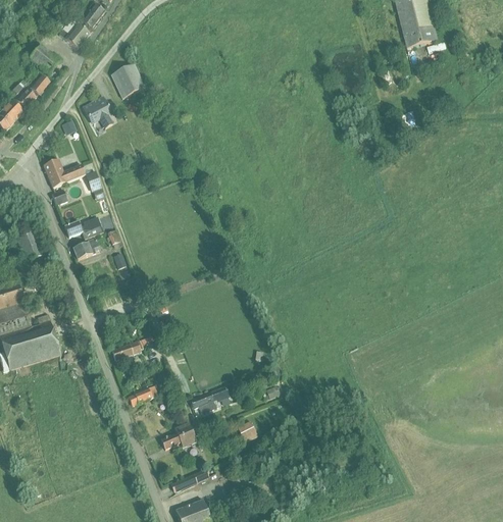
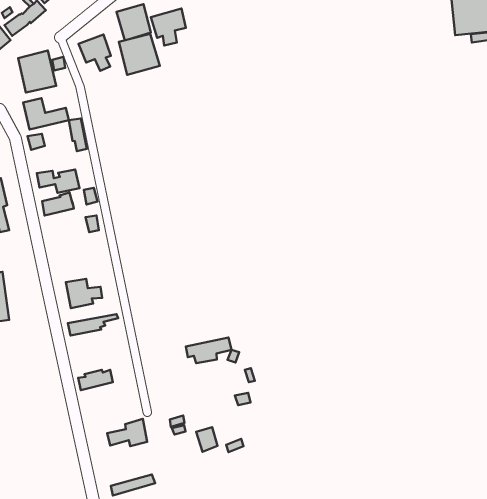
building: none -> [151,9,186,45]
building: none -> [119,34,160,75]
building: none -> [18,51,56,92]
building: none -> [66,279,102,308]
building: [190,386,230,413] -> [186,338,231,363]

